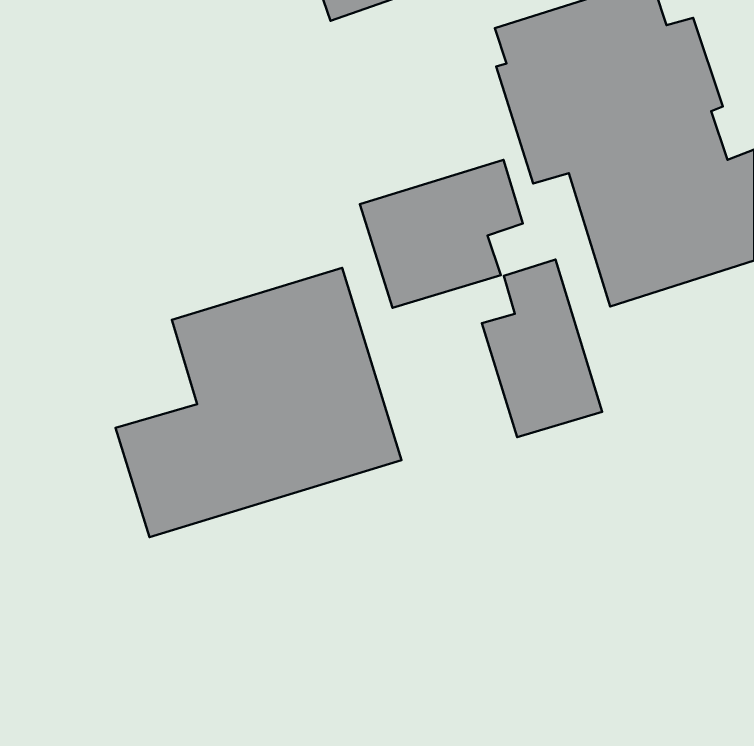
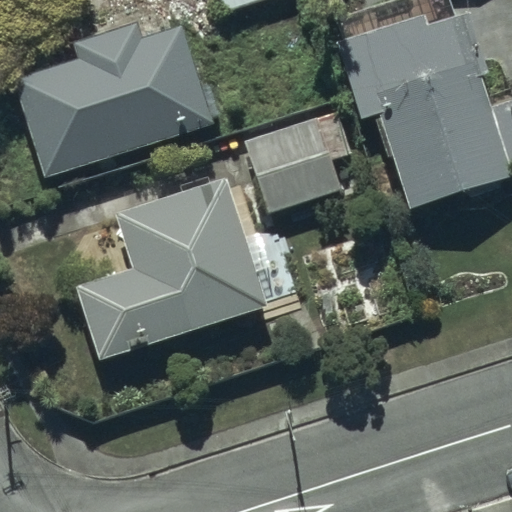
building: none -> [14,20,211,177]
building: [482,260,602,437] -> none

